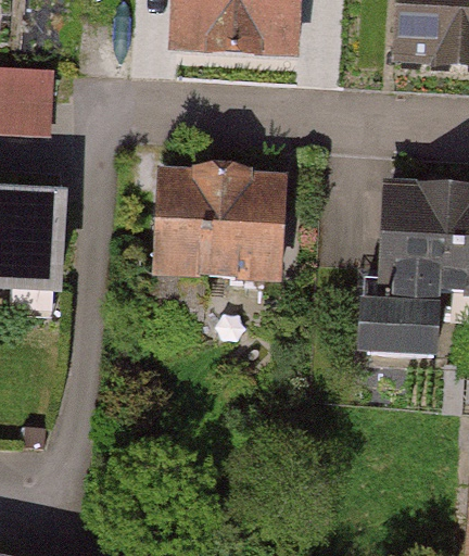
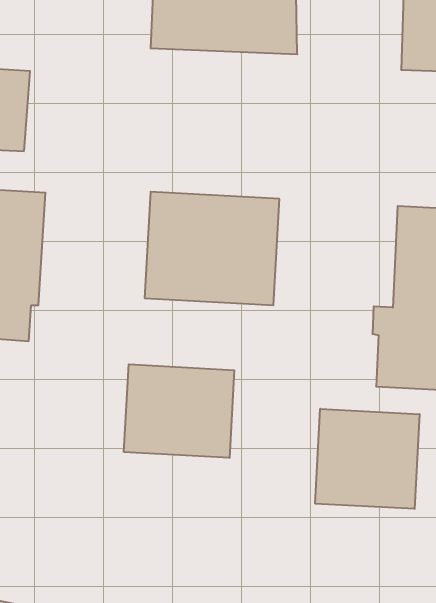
building: none -> [124,364,234,458]
building: none -> [315,409,420,509]

